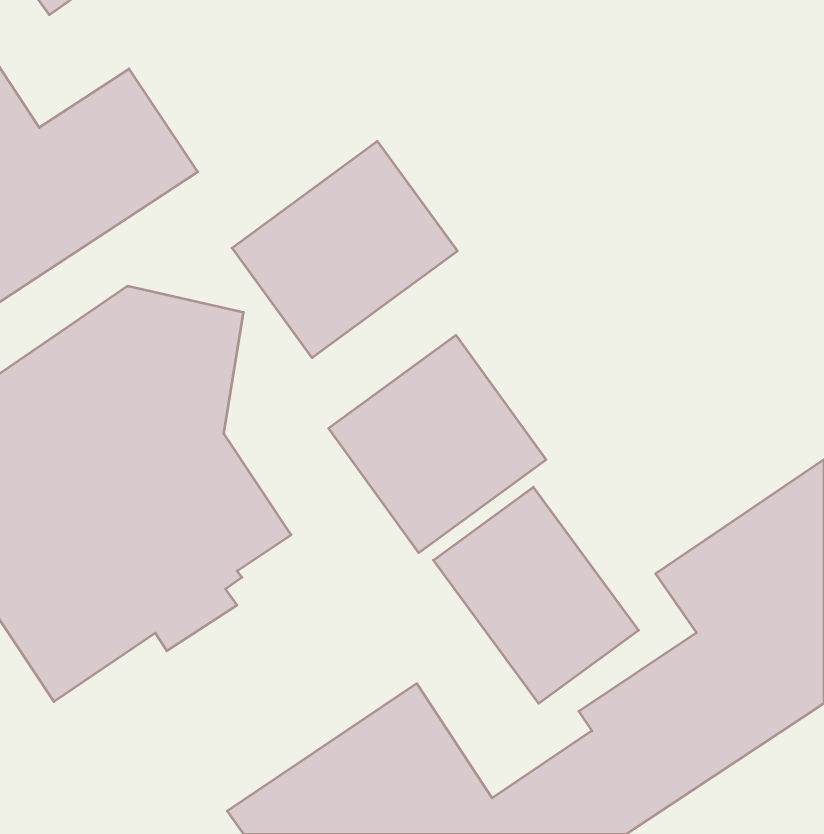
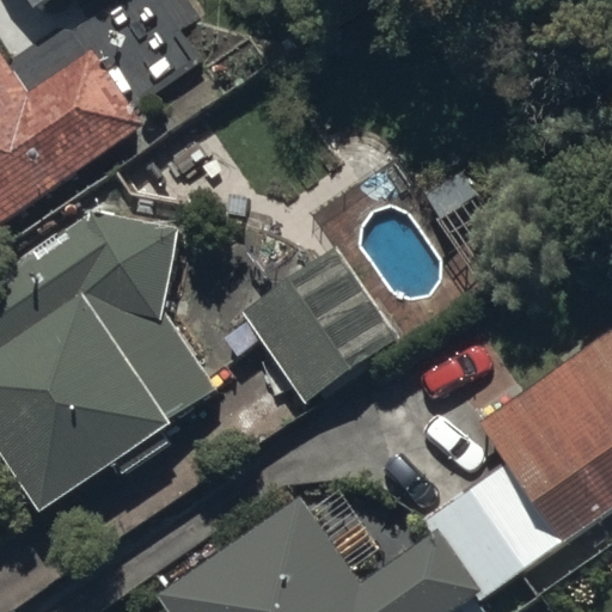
building: [232,141,457,358] -> none
building: [433,487,639,703] -> none

